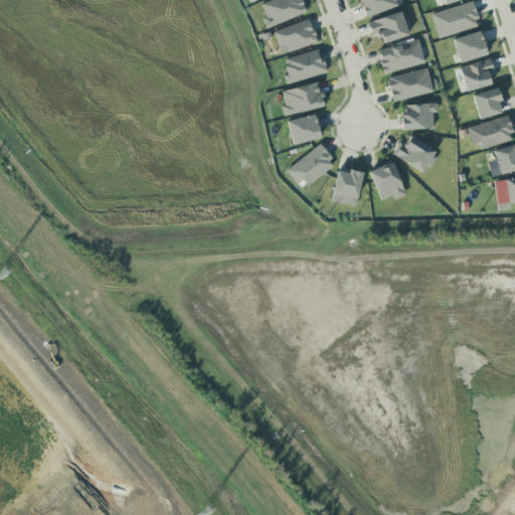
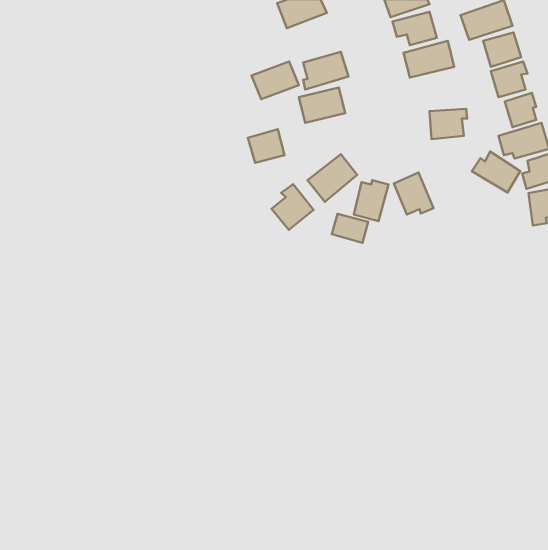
building: [275,18,319,53] -> [251,61,299,99]
building: [389,68,435,100] -> none
building: [288,113,322,144] -> [248,129,284,163]
building: [393,135,439,173] -> [472,152,520,193]
building: none -> [271,184,314,230]
building: none -> [332,214,368,243]

